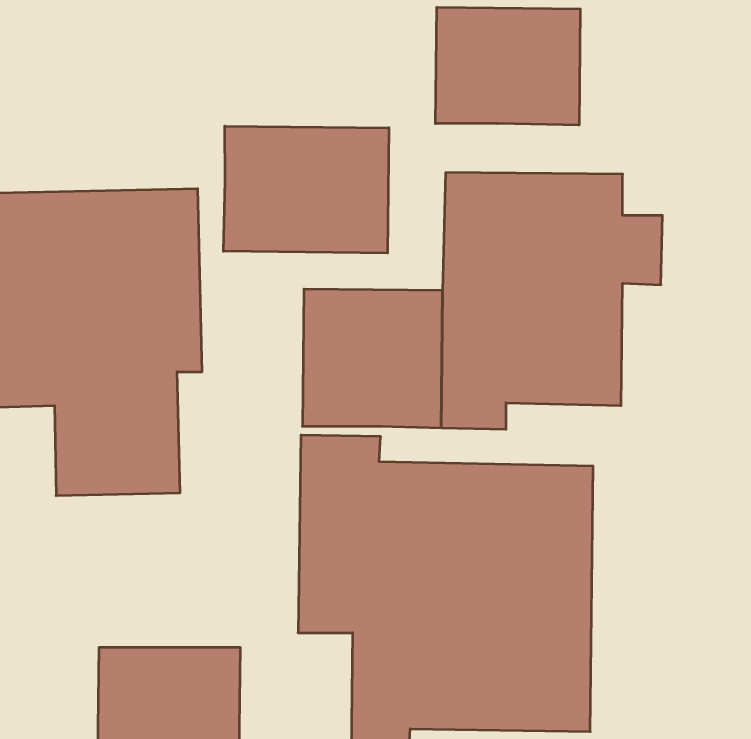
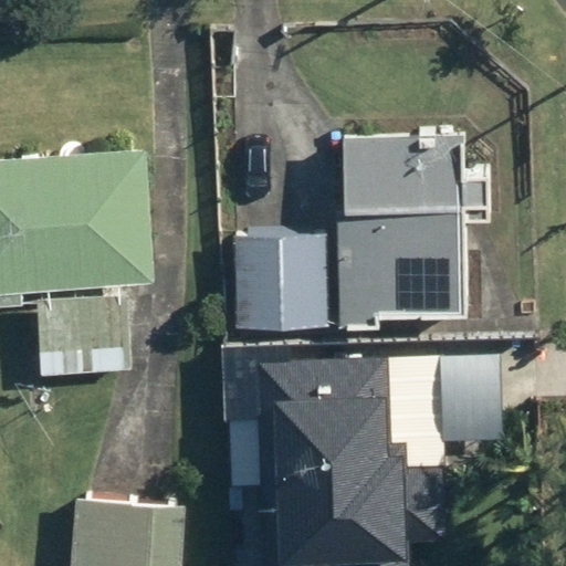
building: [435,7,580,125] -> none
building: [223,126,389,253] -> none

